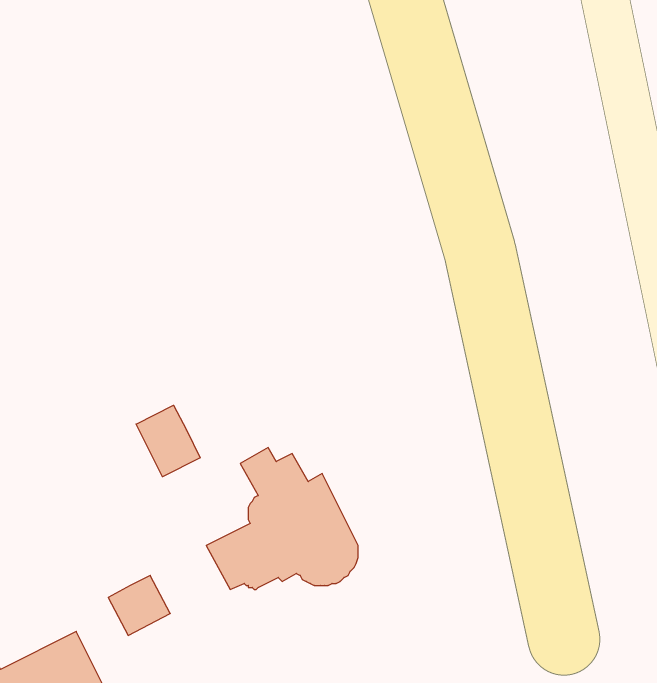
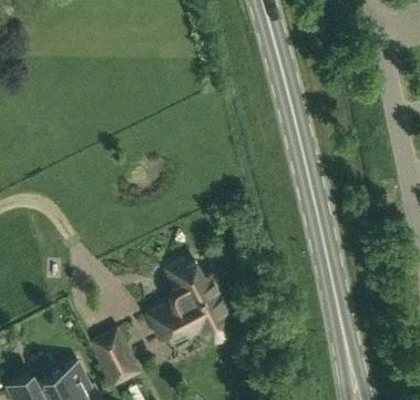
building: [136,405,200,477] -> none
building: none -> [106,353,141,386]

